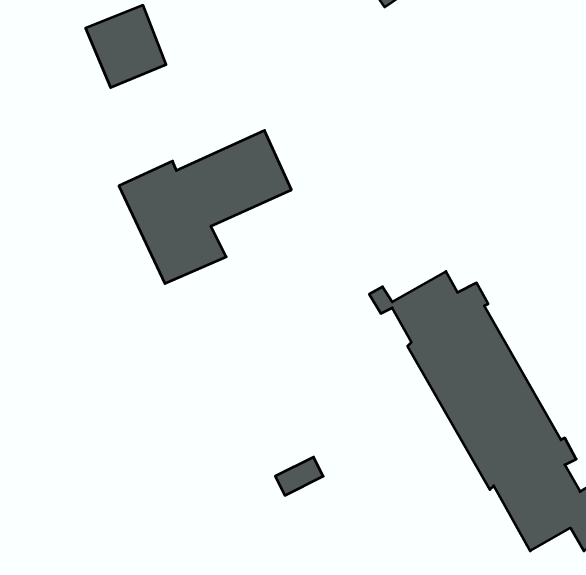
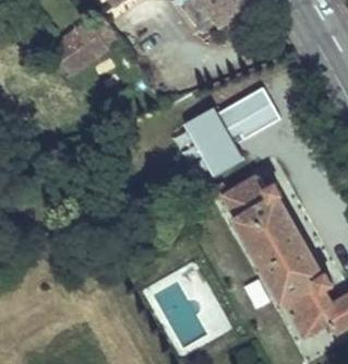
building: [119,130,291,284] -> [182,84,280,172]

